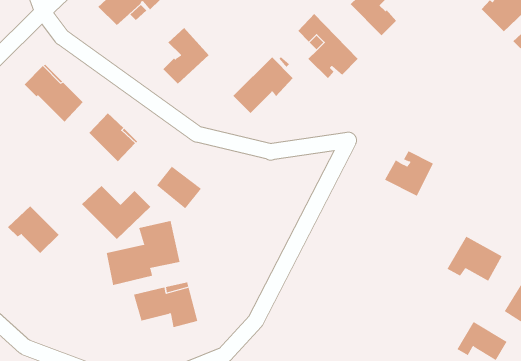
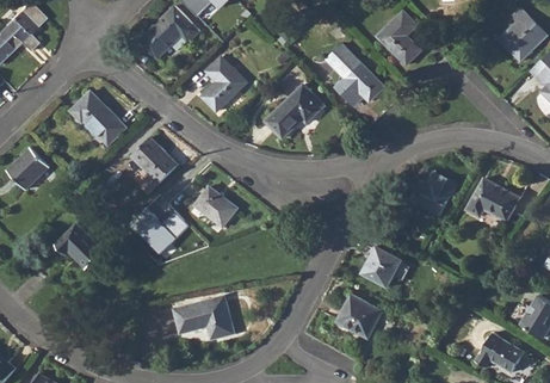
building: [106,220,180,286] -> none
building: none -> [363,246,403,286]
building: [447,236,503,282] -> [466,178,519,221]
building: none -> [336,294,383,339]

